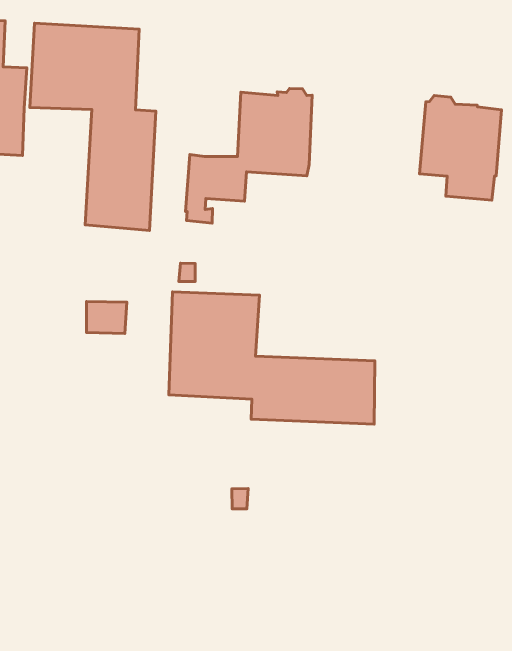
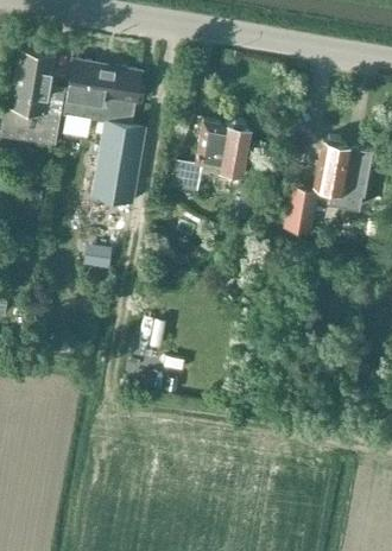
building: none -> [284,185,318,232]
building: [169,292,375,424] -> none

